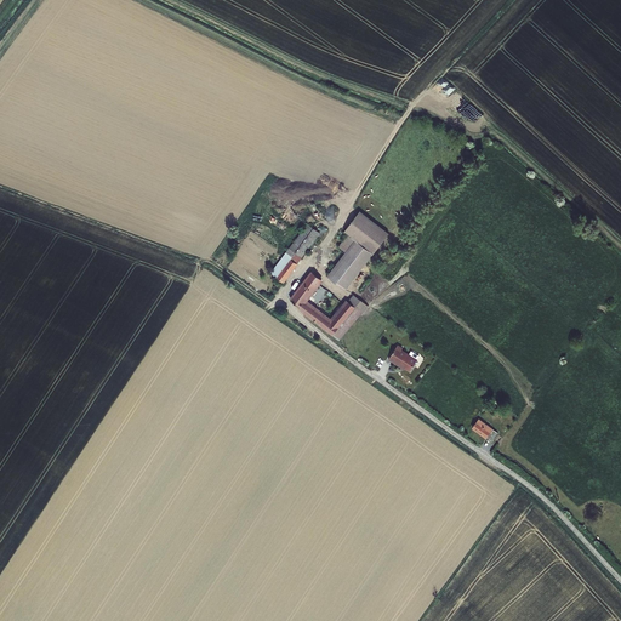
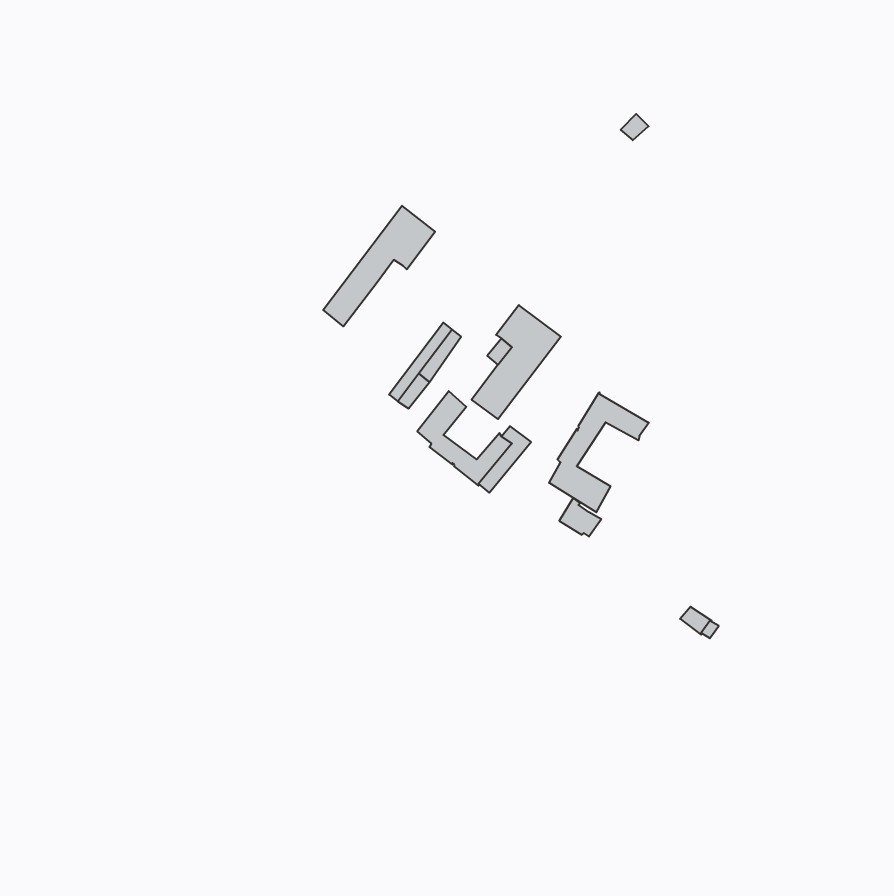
building: none -> [323,206,435,326]
building: none -> [549,392,649,512]

